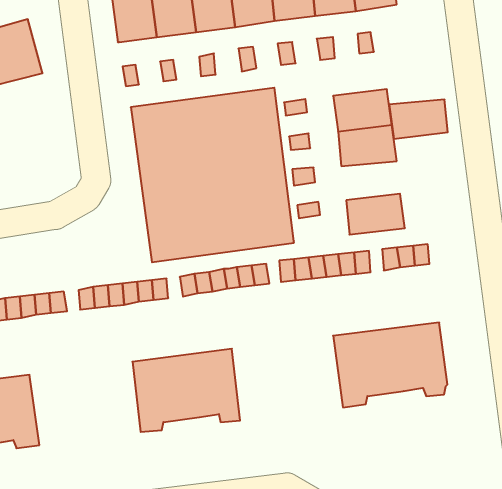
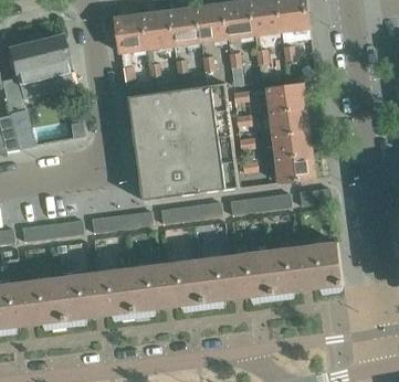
building: [389,100,448,139] -> [272,131,312,158]
building: none -> [198,250,273,307]
building: none -> [61,267,136,323]

